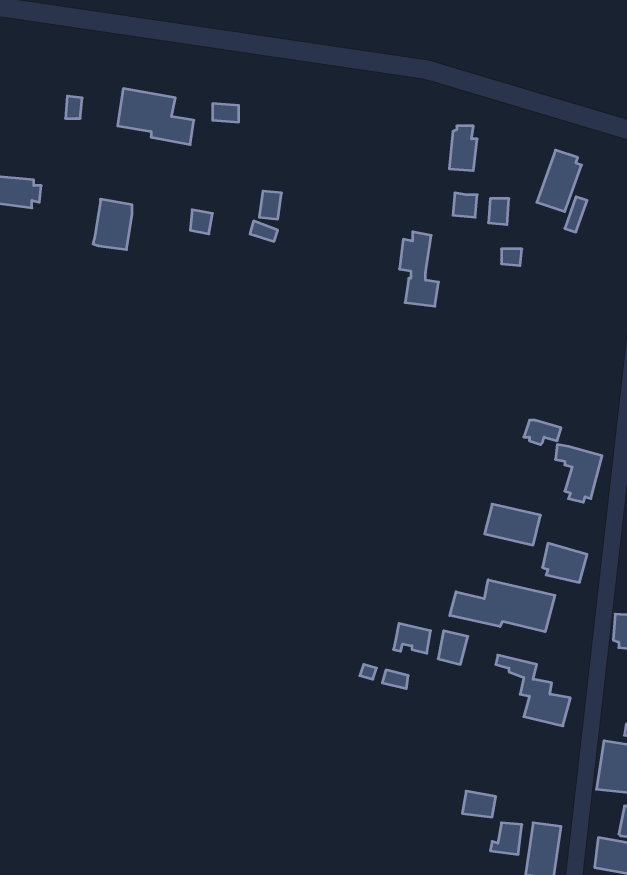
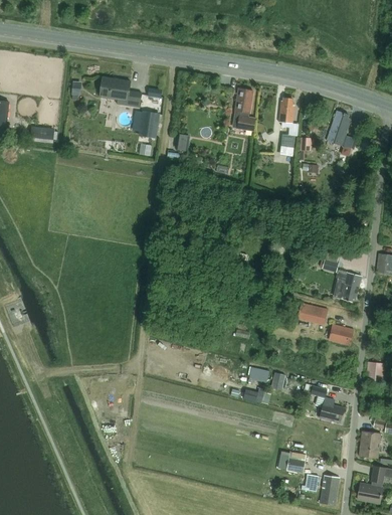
building: [93,199,132,250] -> [138,111,159,138]
building: [399,232,439,306] -> [234,89,255,129]
building: [450,580,555,632] -> none

